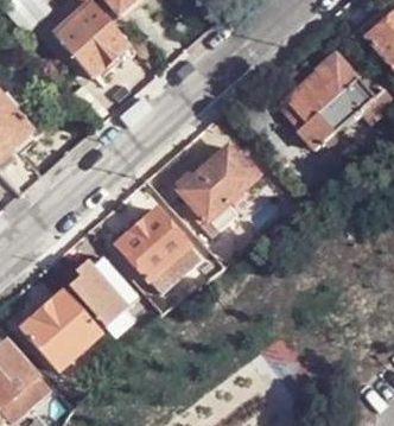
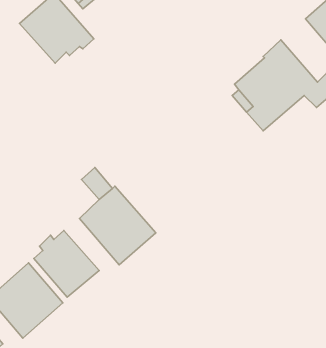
building: [178,145,255,220] -> none

